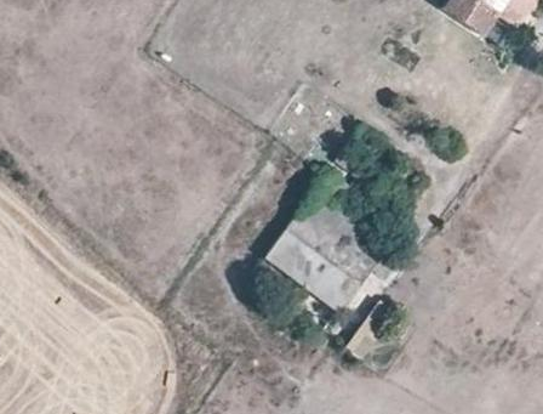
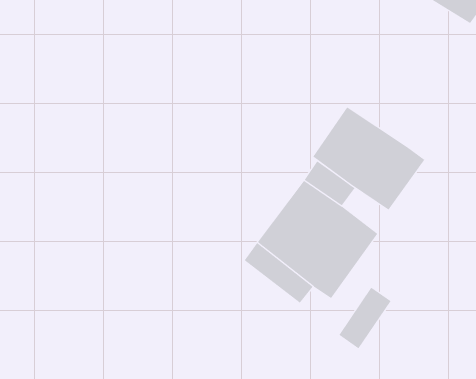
building: none -> [313,107,425,210]

